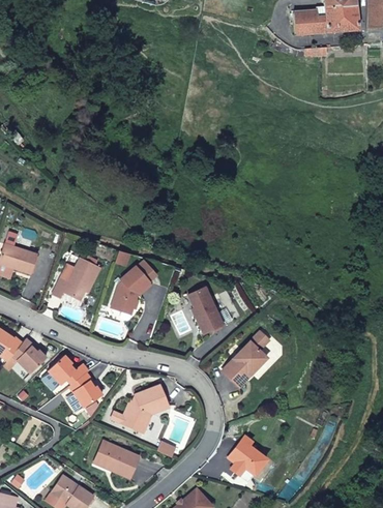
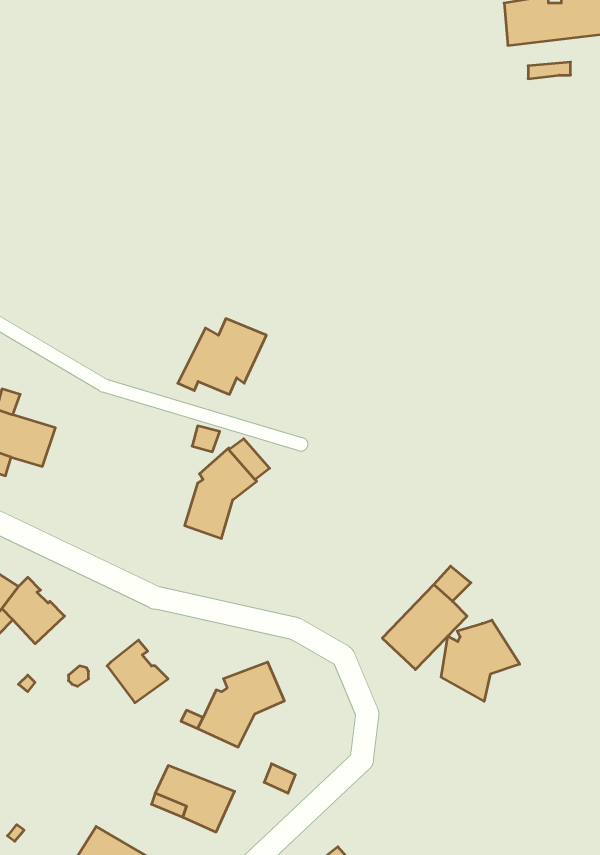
building: [53,258,102,300] -> [178,319,266,394]
building: [187,285,226,335] -> none
building: [47,354,88,385] -> none
building: none -> [441,620,520,701]
building: [228,435,270,477] -> none

